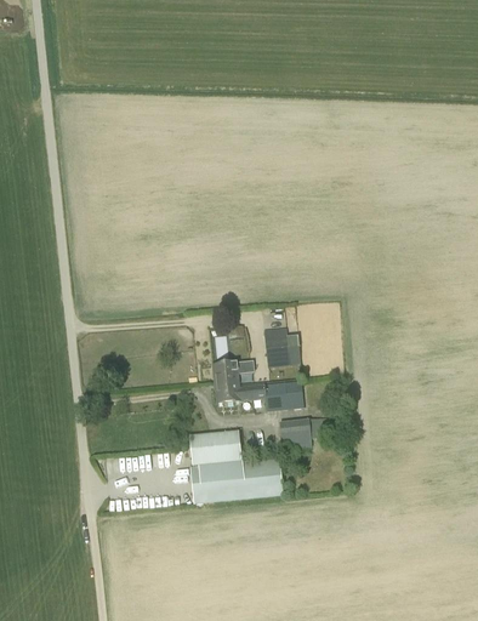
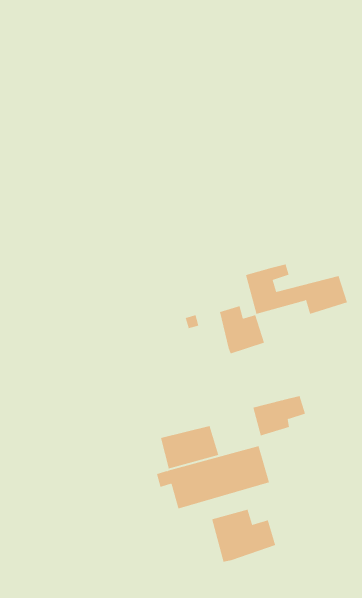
building: [214,360,305,411] -> [245,264,348,315]
building: none -> [212,509,276,563]

